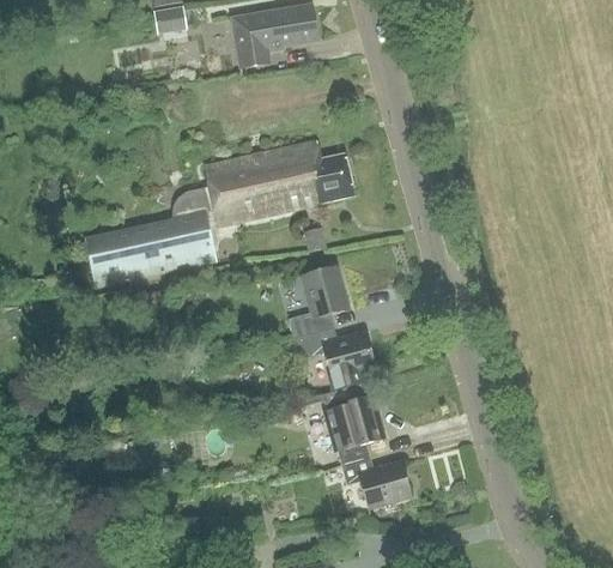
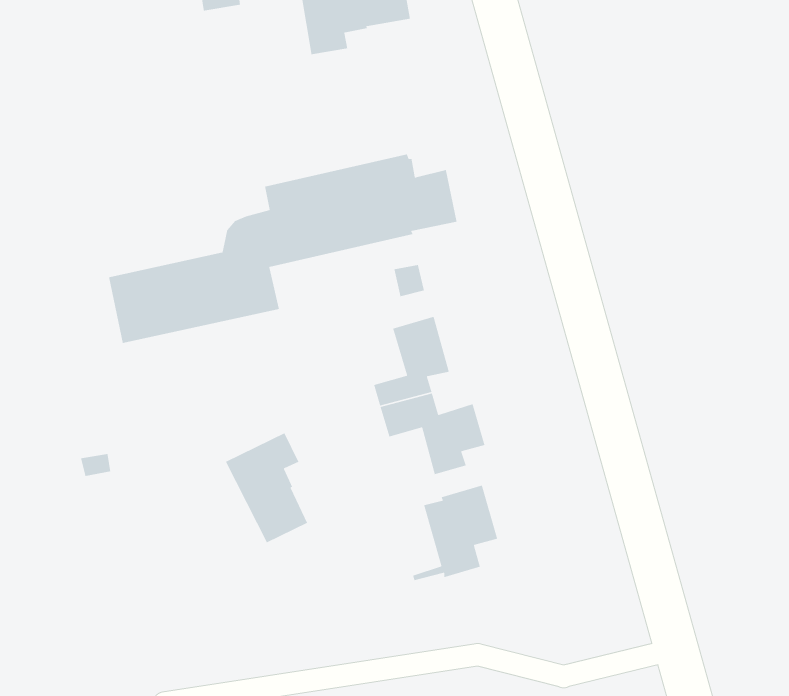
building: none -> [225,432,308,543]
building: [342,458,411,506] -> none

